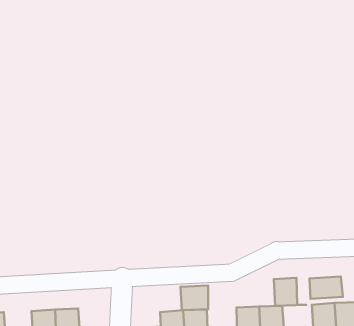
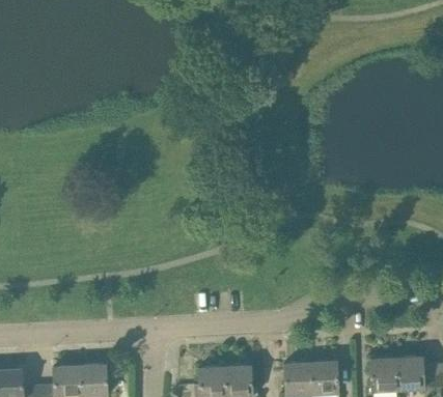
building: [309,276,343,299] -> none
building: [274,278,306,306] -> none
building: [181,286,208,310] -> none

